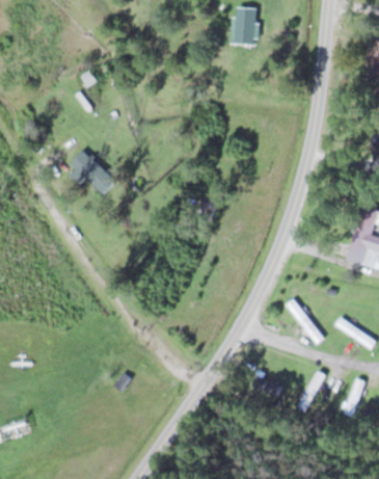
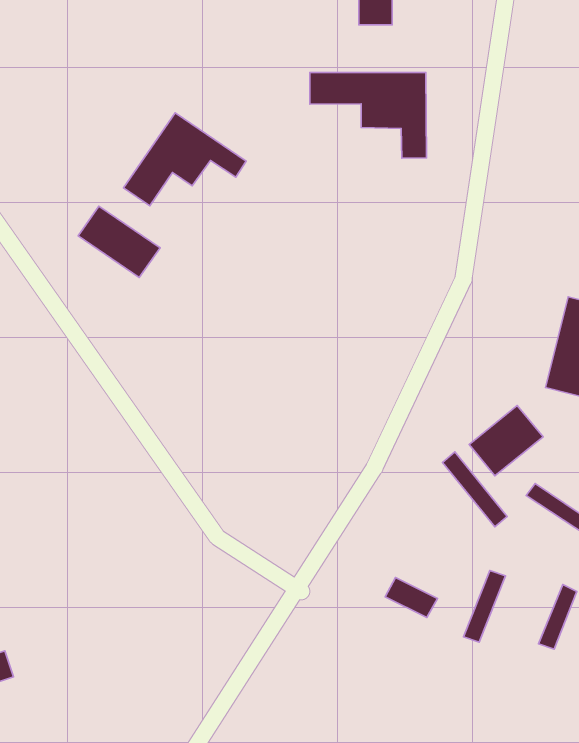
building: none -> [310,72,426,158]
building: none -> [124,113,246,206]
building: none -> [469,405,543,476]

